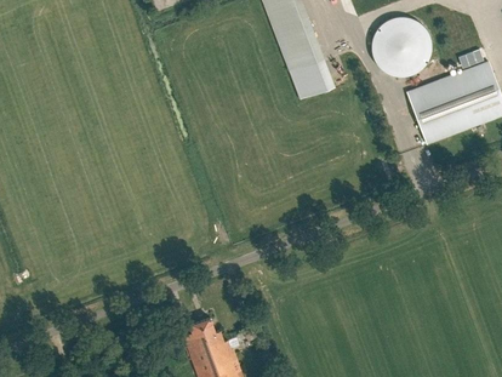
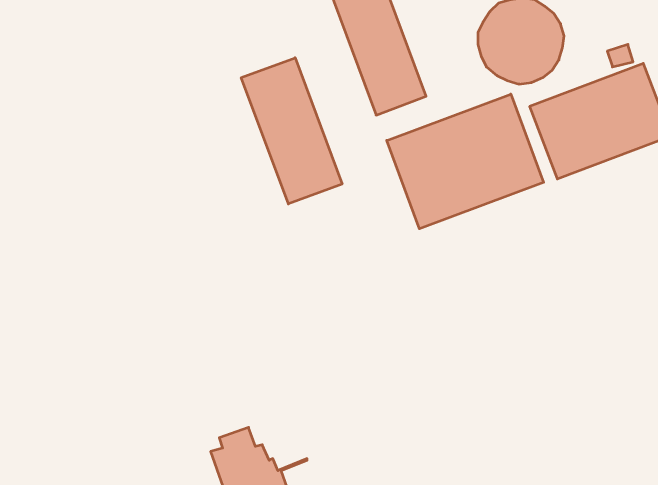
building: none -> [241,58,342,204]
building: none -> [387,94,544,229]

